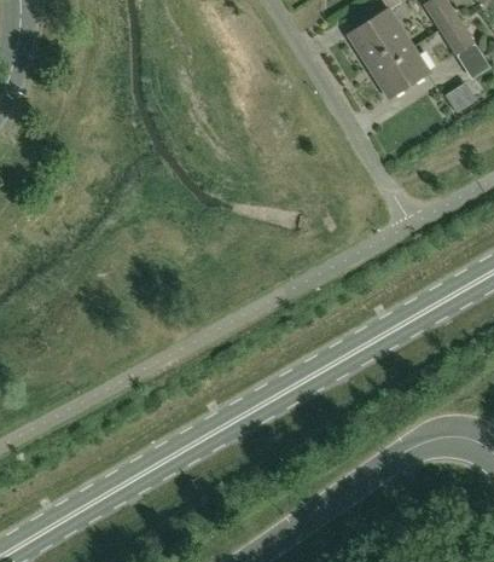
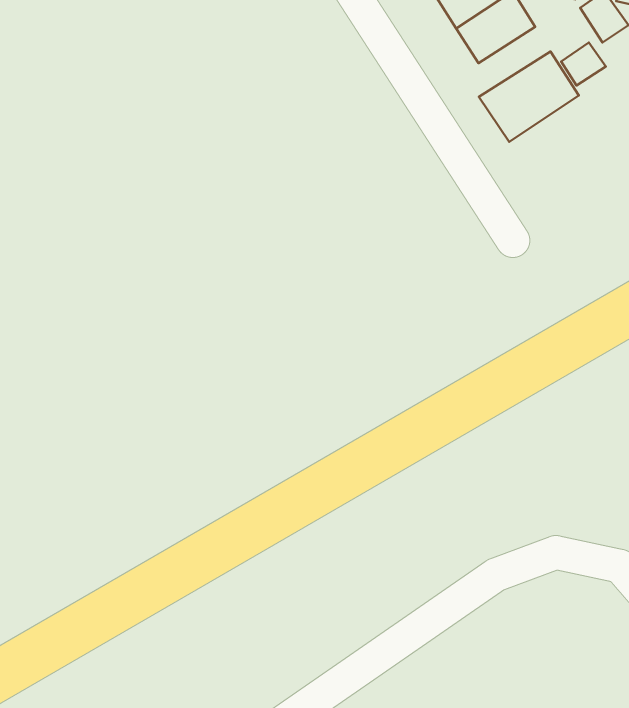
building: none -> [479,52,579,142]

